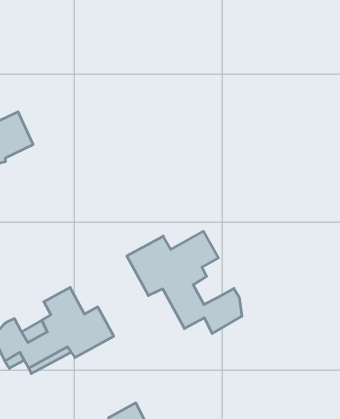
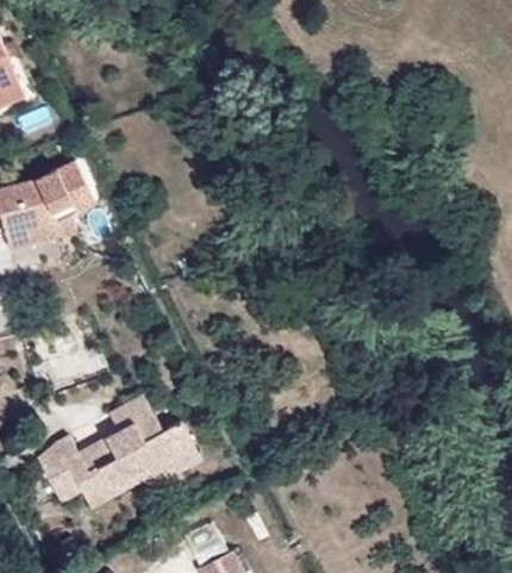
building: [127,231,242,334] -> none

